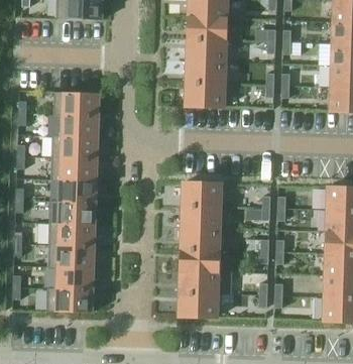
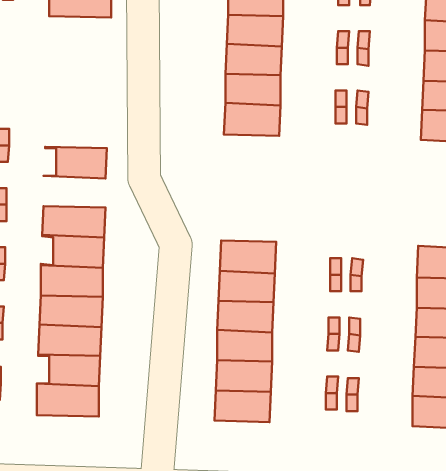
building: [53,93,100,116] -> none
building: [52,136,98,159] -> none

